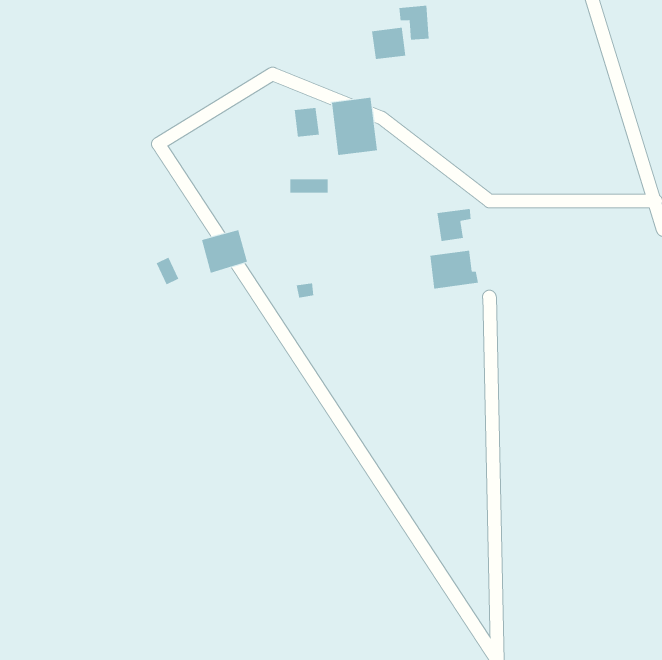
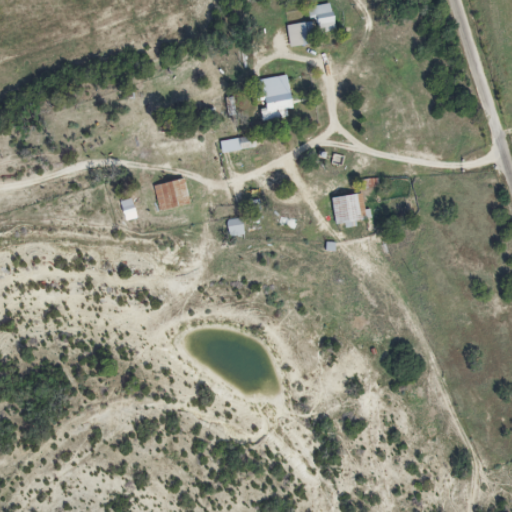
building: [294,107,319,138] -> none
building: [437,208,471,242] -> none

